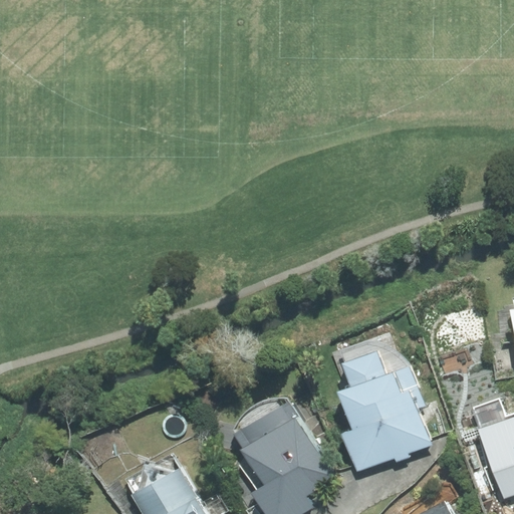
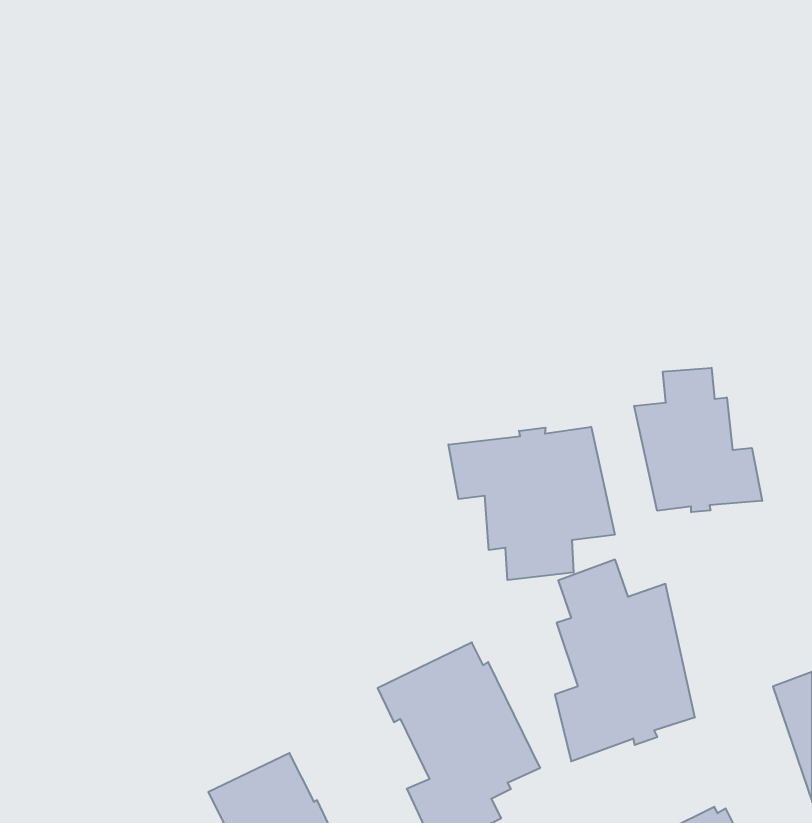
building: none -> [634,368,762,512]
building: none -> [448,427,615,580]

